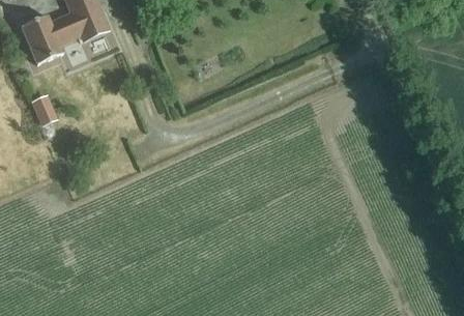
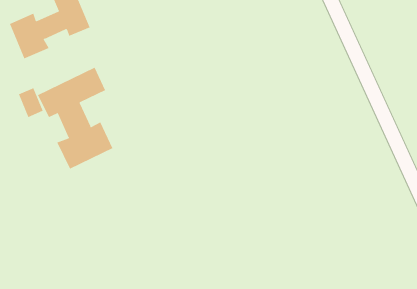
building: none -> [37,67,113,170]

